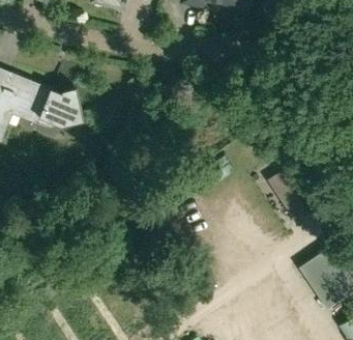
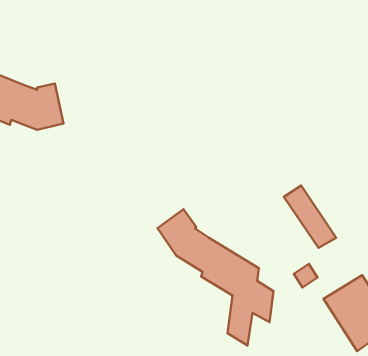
building: none -> [158,209,273,346]

